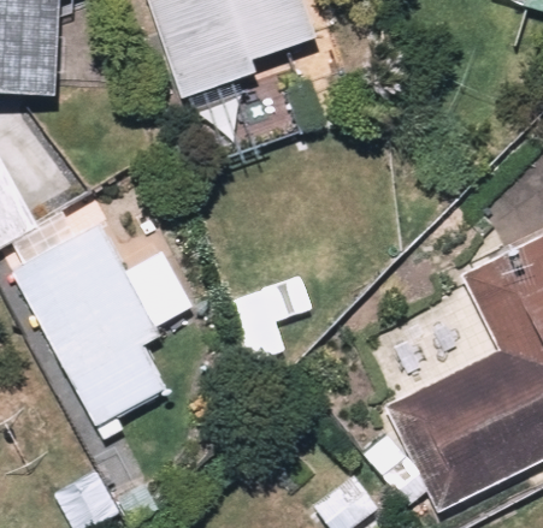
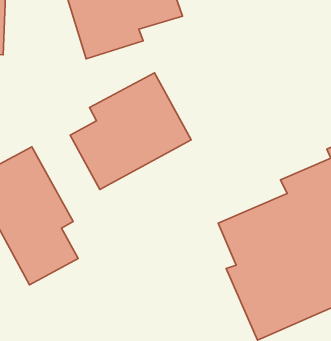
building: none -> [70,73,191,189]

